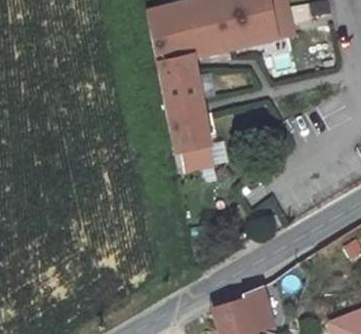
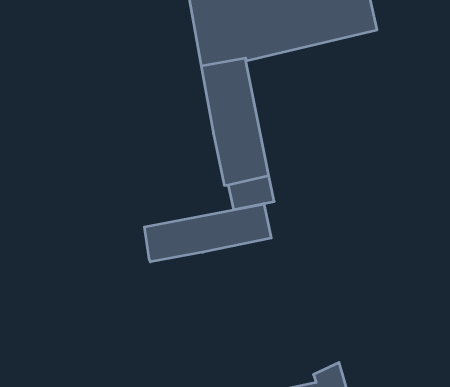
building: none -> [144,203,271,262]

